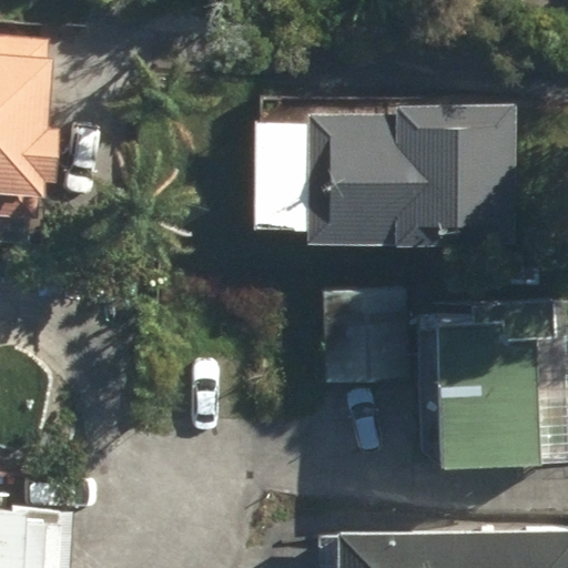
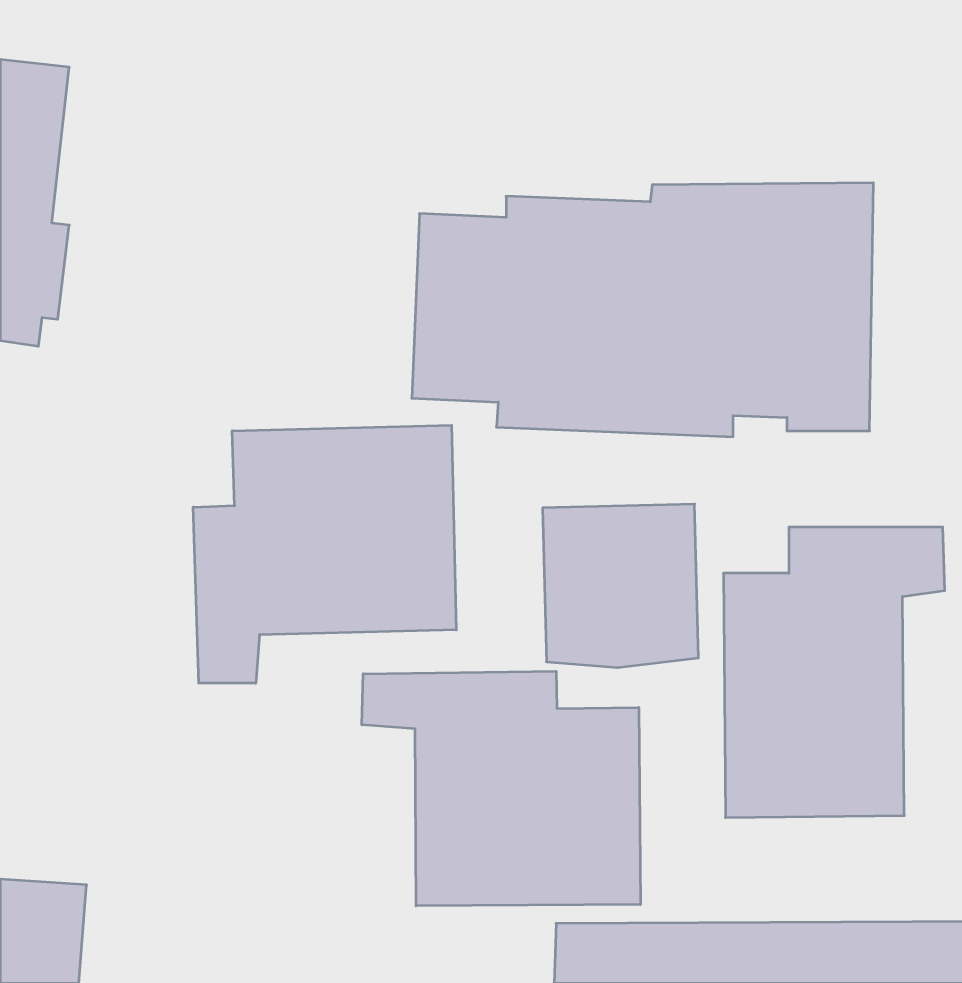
building: none -> [193,425,456,683]
building: none -> [362,671,640,906]

